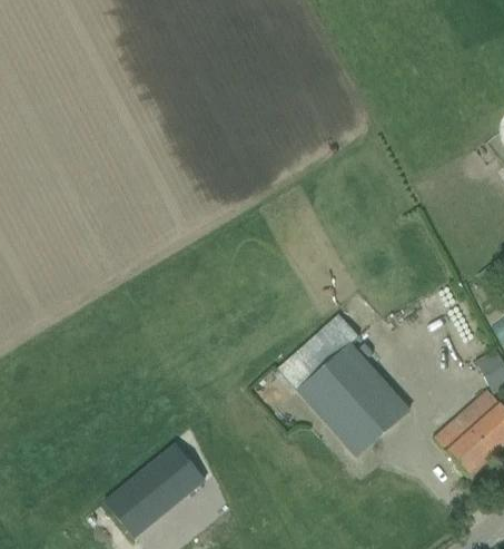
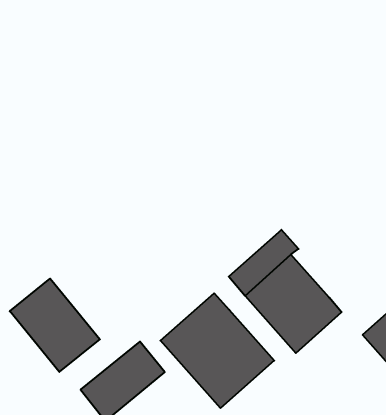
building: none -> [10,279,100,372]
building: none -> [160,293,274,408]

